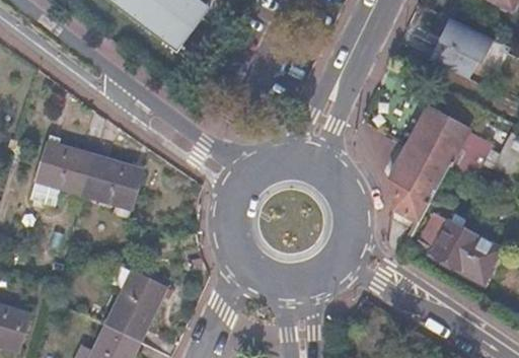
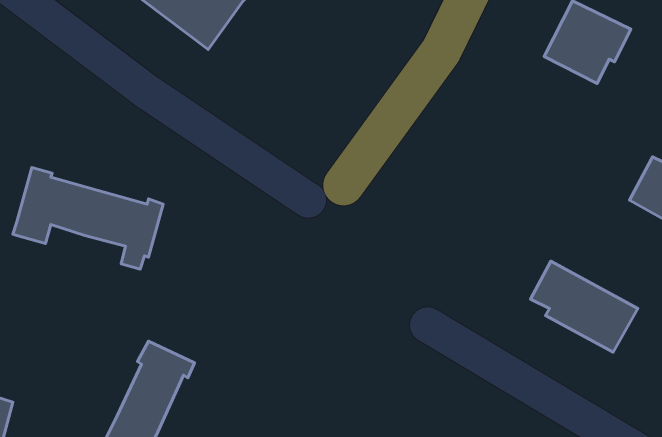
building: [391,104,489,221] -> none

